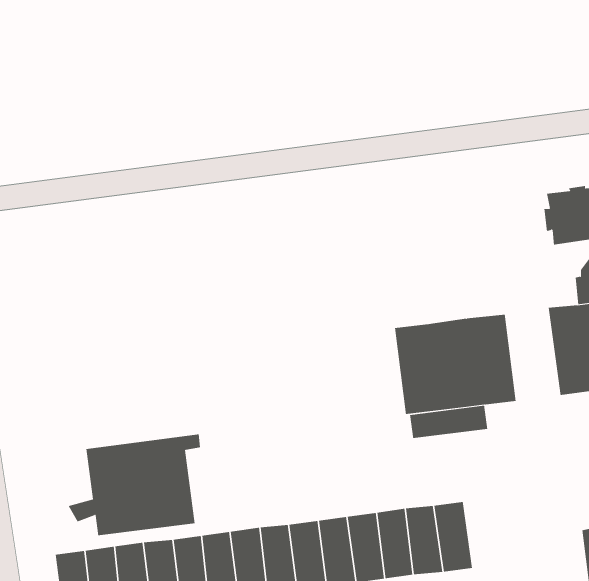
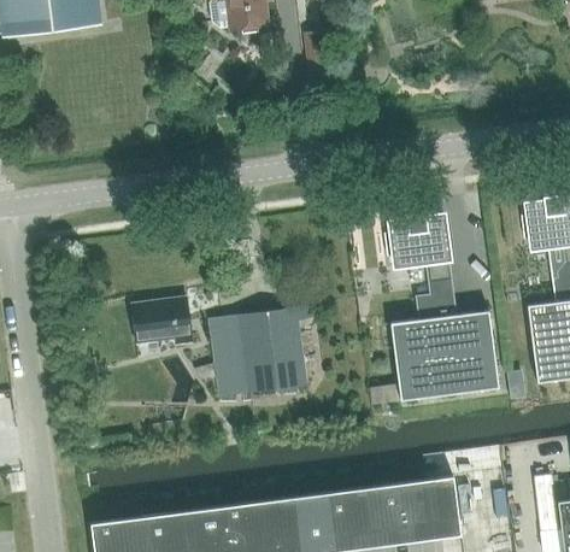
building: none -> [386,215,454,319]
building: none -> [130,296,192,346]
building: [410,405,488,439] -> none
building: [68,434,201,536] -> [193,306,311,397]

